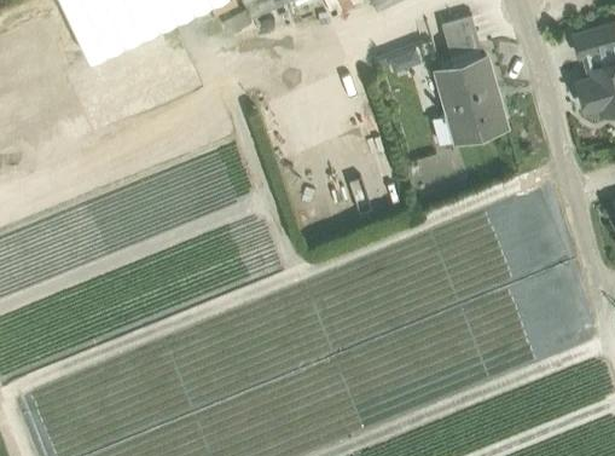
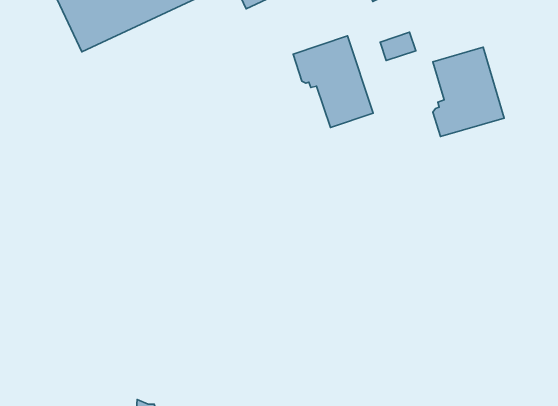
building: [440,17,481,60] -> none
building: none -> [293,36,373,128]

